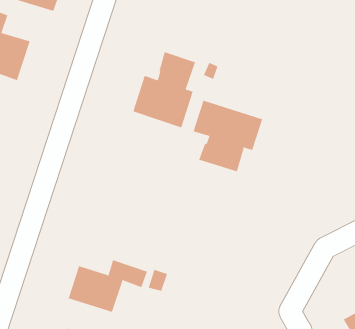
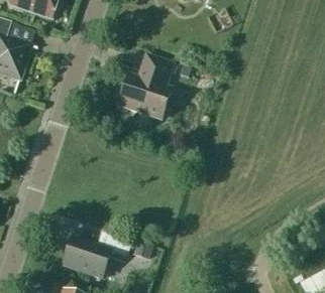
building: [193,100,263,172] -> none

